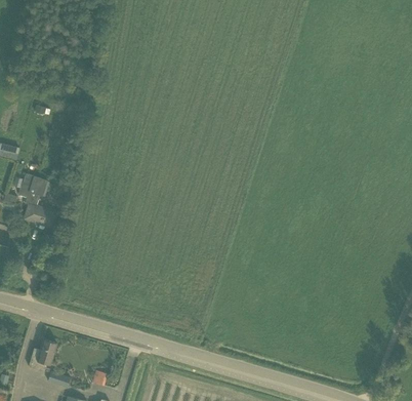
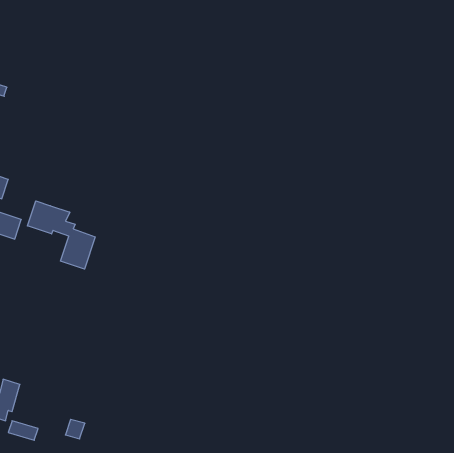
building: none -> [27,201,95,269]

